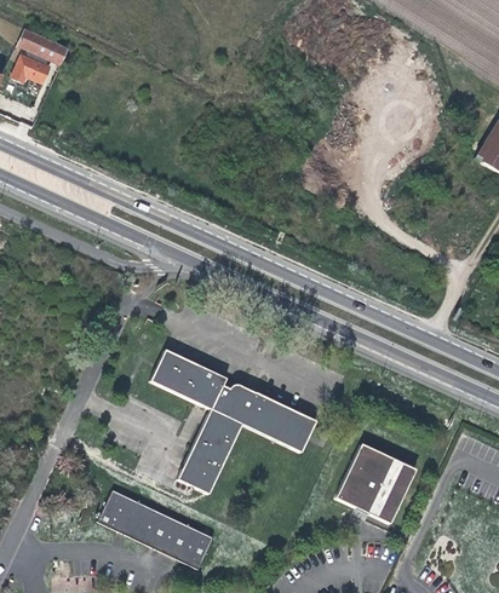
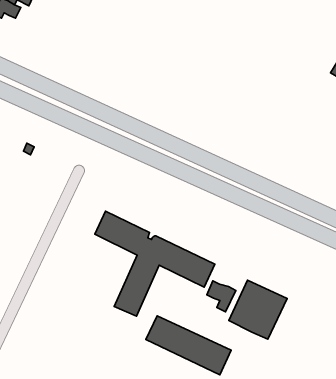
building: none -> [207,281,236,312]
building: [96,487,213,568] -> [146,316,231,375]

